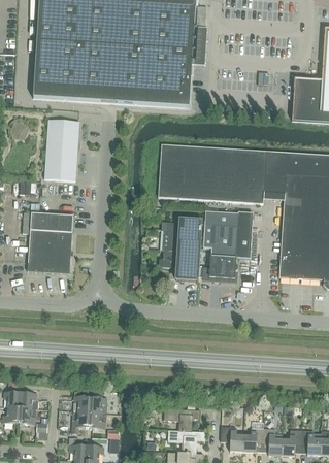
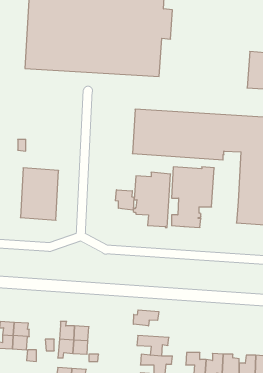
building: [44,120,80,180] -> none
building: none -> [115,190,134,210]
building: none -> [133,310,159,326]

